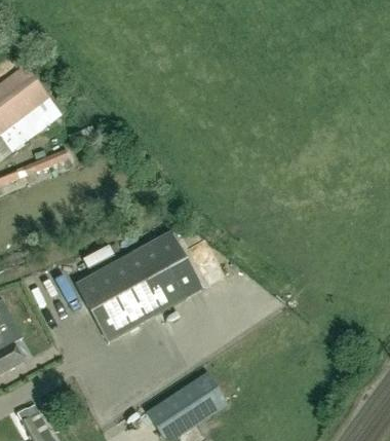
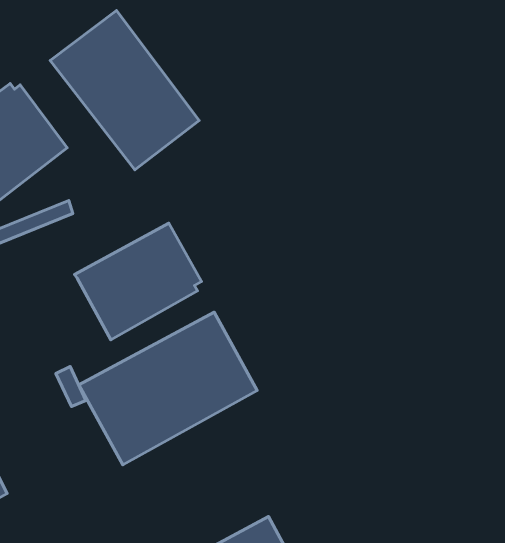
building: none -> [50,10,199,170]
building: none -> [75,223,202,340]

